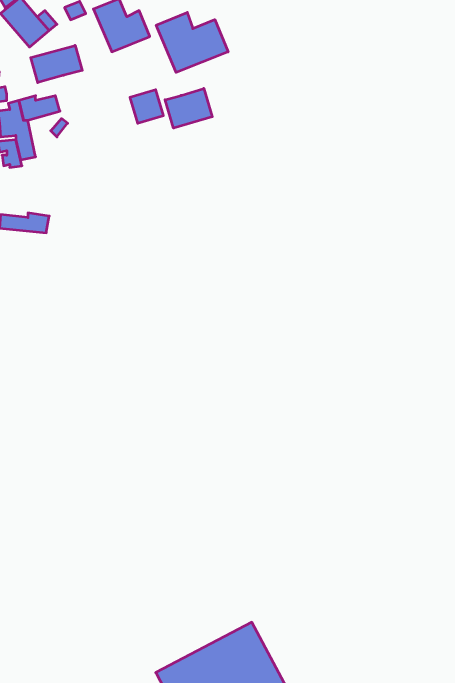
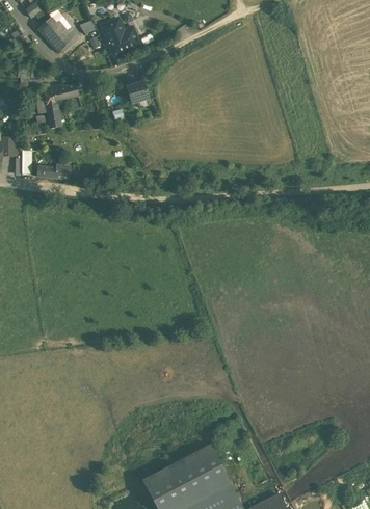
building: [156,12,228,72] -> none
building: [31,45,82,83] -> none
building: [165,88,212,128] -> none

